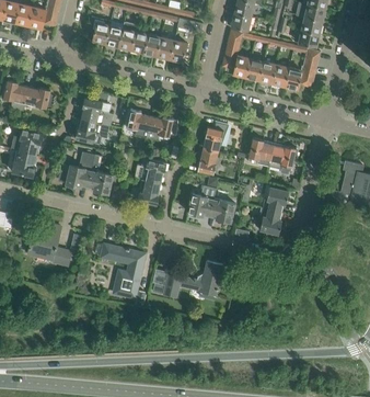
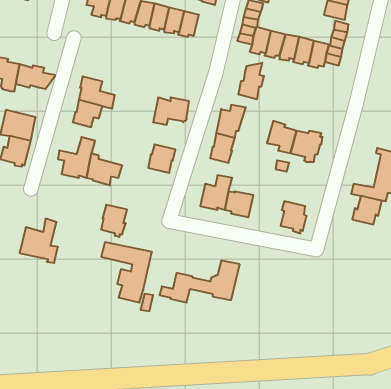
building: none -> [239,63,264,99]
building: [126,109,151,138] -> none
building: [138,179,161,207] -> [101,205,127,237]
building: [263,188,289,213] -> [352,196,382,224]

